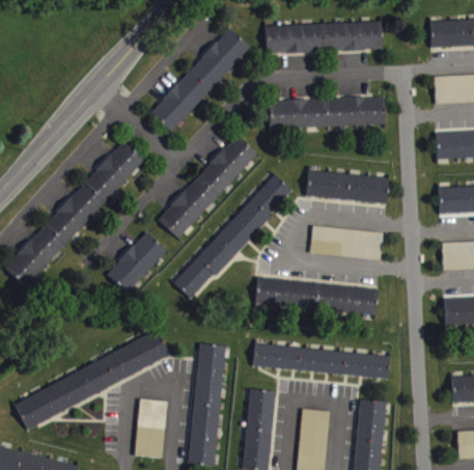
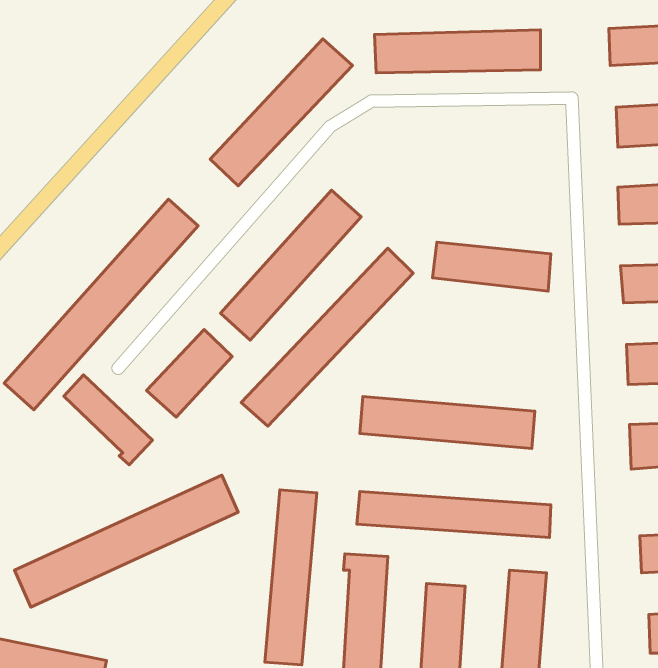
building: [269,96,386,129] -> none
building: [310,226,383,258] -> none
building: none -> [64,375,152,465]
building: [136,399,166,458] -> none

